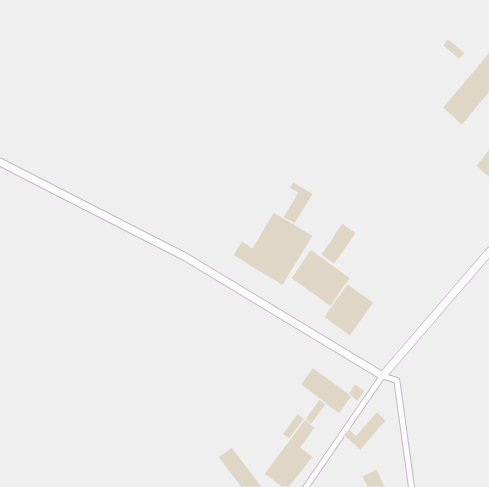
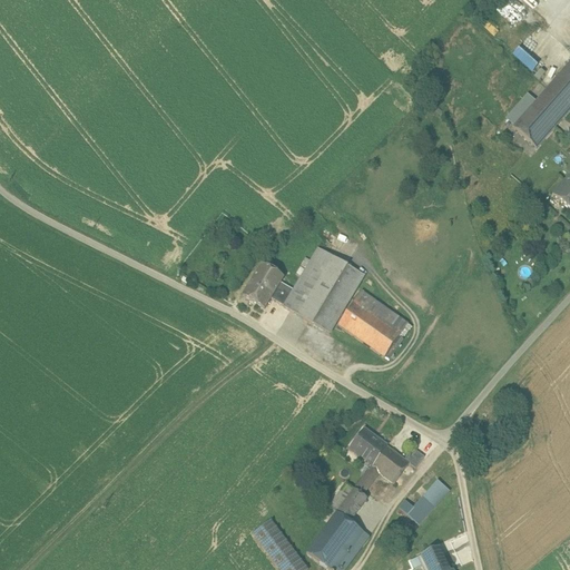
building: [283,182,313,224] -> none
building: [321,223,356,264] -> none
building: none -> [243,262,285,306]
building: [323,283,374,336] -> none

